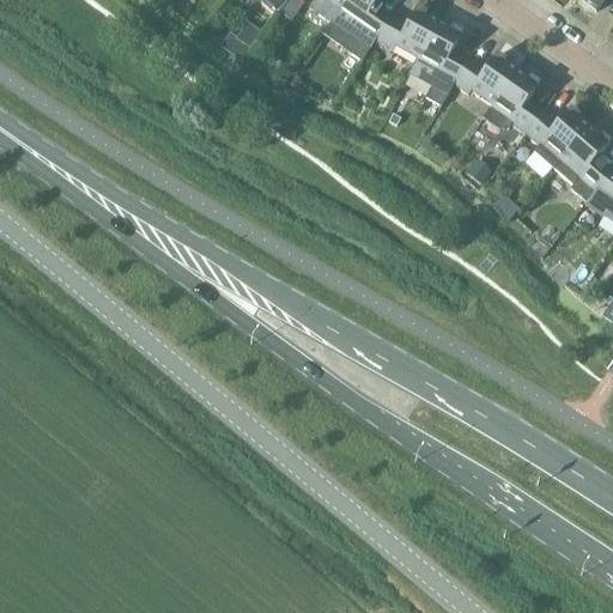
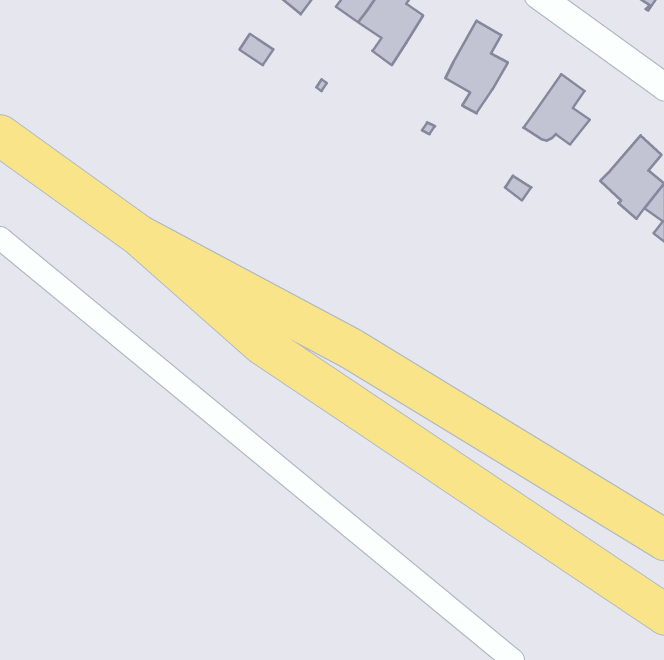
building: [375,7,439,57] -> none
building: [454,53,517,104] -> none
building: [526,108,590,166] -> none

